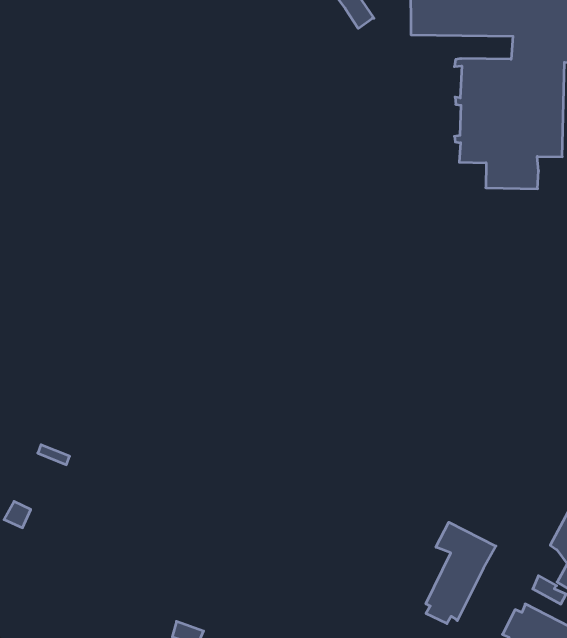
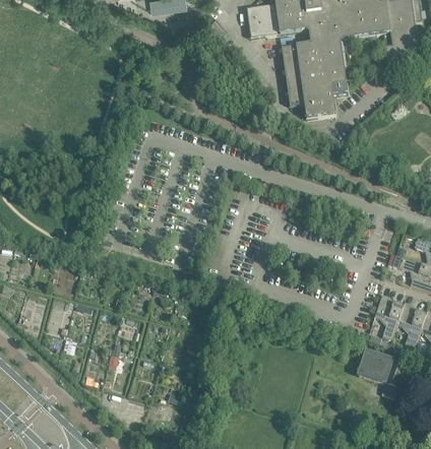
building: [426,522,496,624] -> none

